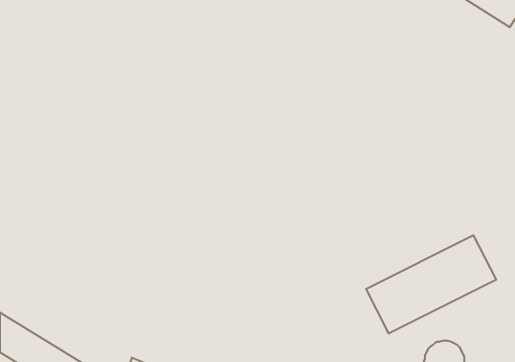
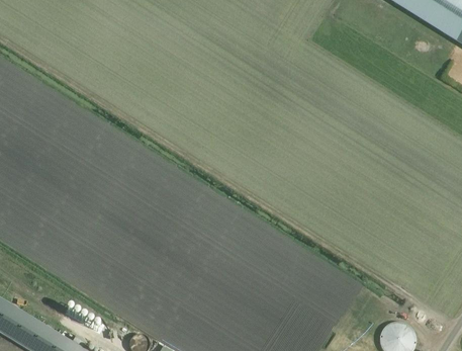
building: [366,235,496,334] -> none

